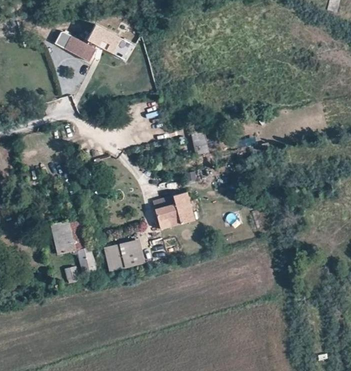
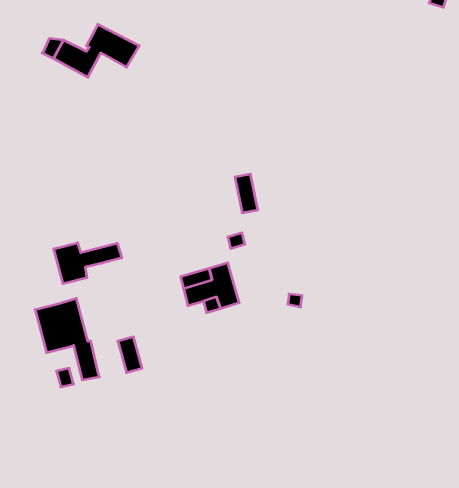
building: none -> [54,243,122,284]
building: [119,240,140,268] -> none

